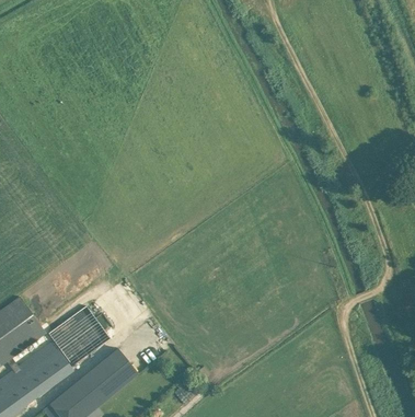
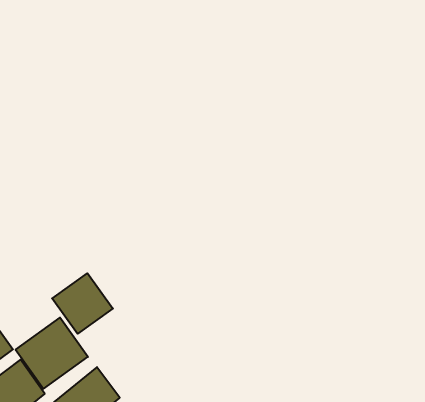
building: none -> [52,273,113,334]

